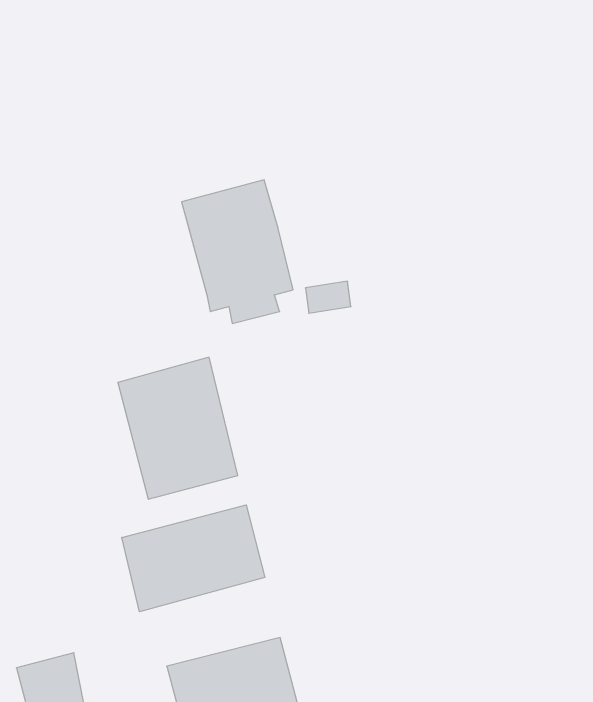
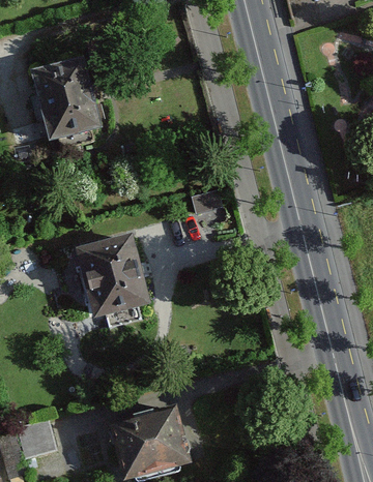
building: [182,180,293,323] -> [31,59,99,147]
building: [122,505,265,612] -> none

